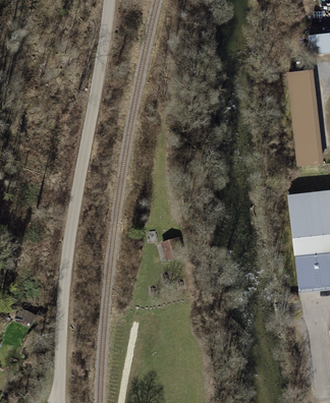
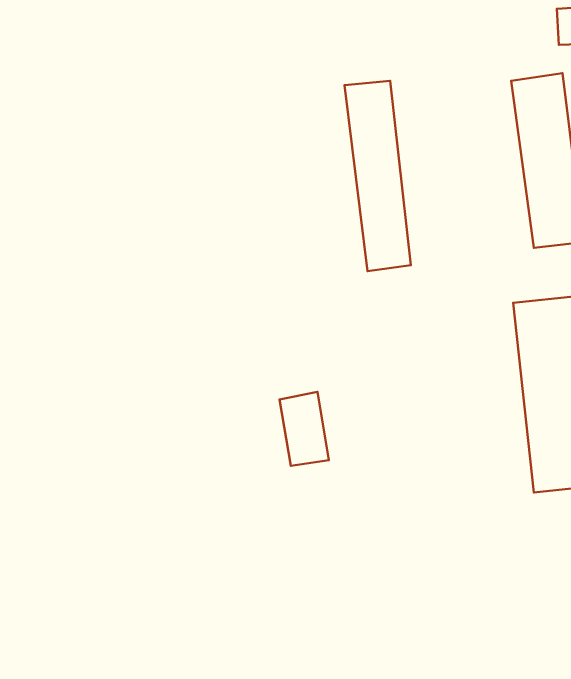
building: none -> [345,81,411,271]

